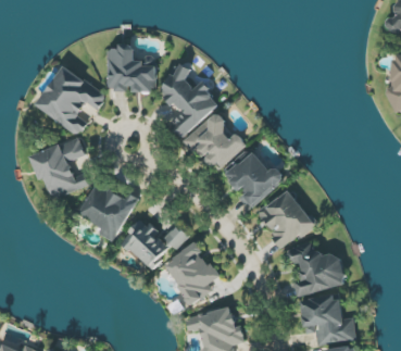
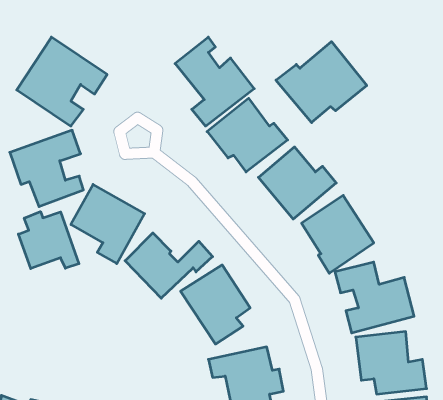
building: [106,45,155,91] -> none
building: none -> [276,42,367,123]
building: none -> [18,212,79,269]

